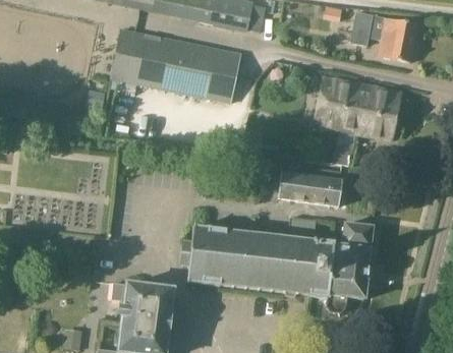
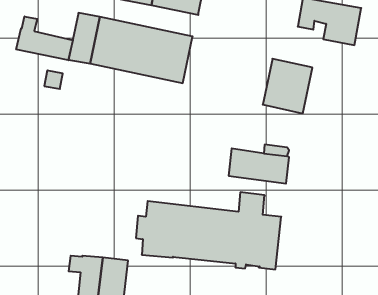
building: none -> [16,16,73,60]
building: [356,85,402,140] -> none
building: [327,222,374,311] -> none

